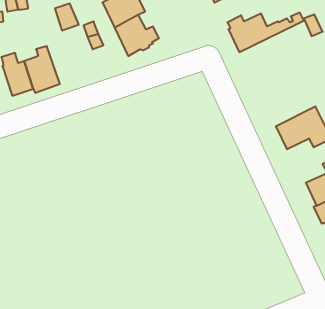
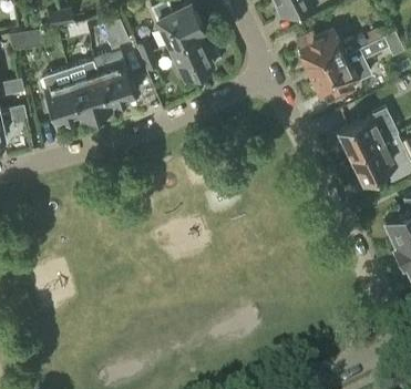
building: none -> [310,39,378,100]
building: none -> [92,45,133,102]
building: none -> [338,104,395,153]

